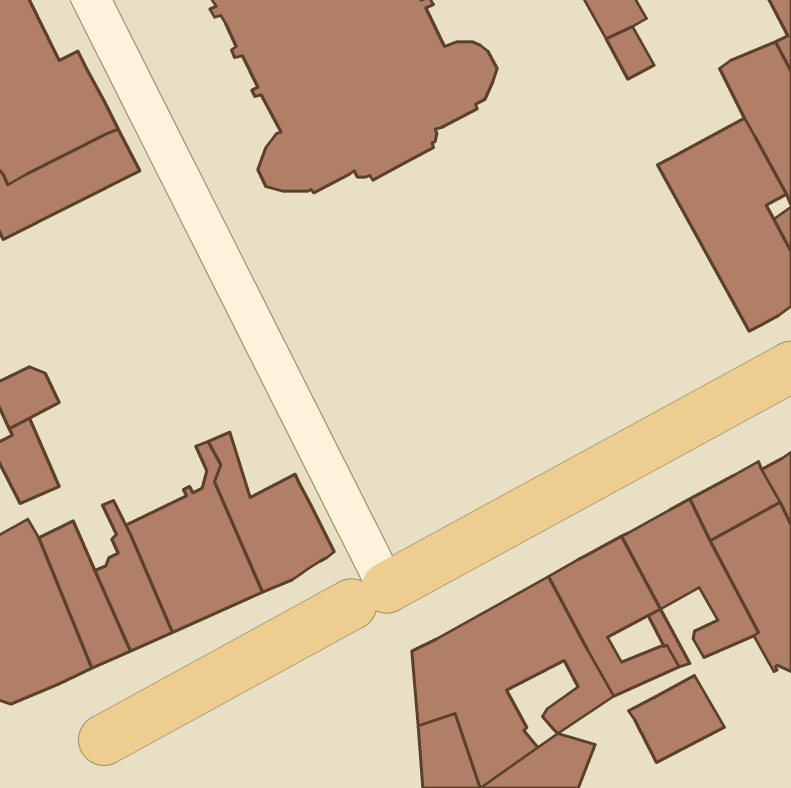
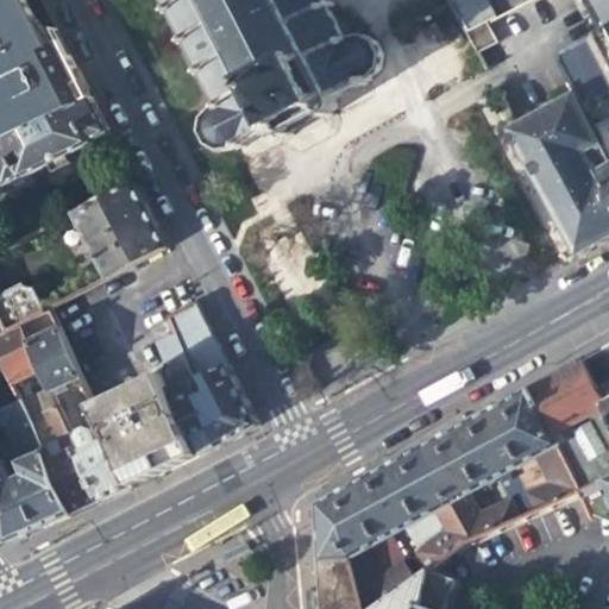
building: none -> [74,182,165,275]
building: none -> [168,300,226,381]
building: none -> [23,307,81,385]
building: [629,676,724,763] -> none

